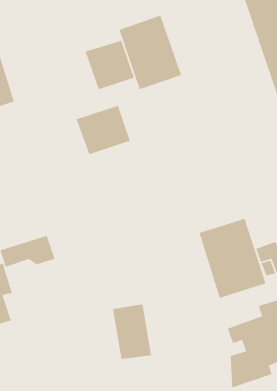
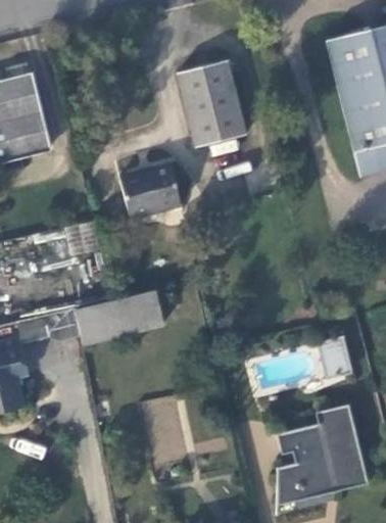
building: [85,40,135,90] -> none
building: none -> [75,289,165,345]
building: [199,218,266,299] -> none

